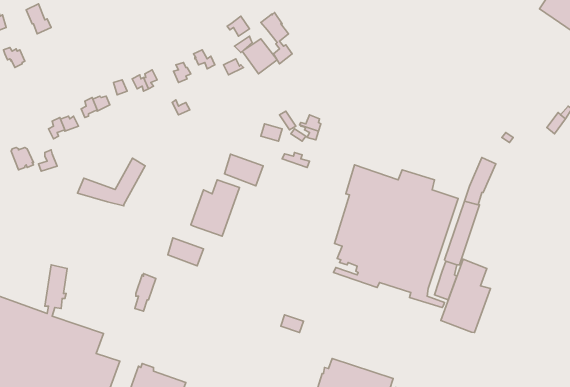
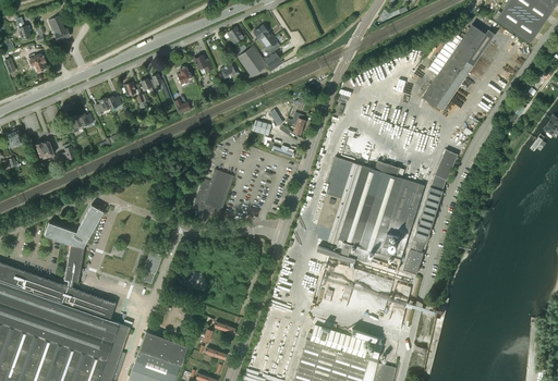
building: none -> [422,24,489,110]
building: [225,154,263,186] -> none
building: [78,158,145,206] -> [44,205,102,246]
building: [168,238,203,266] -> none
building: [441,259,490,333] -> none

